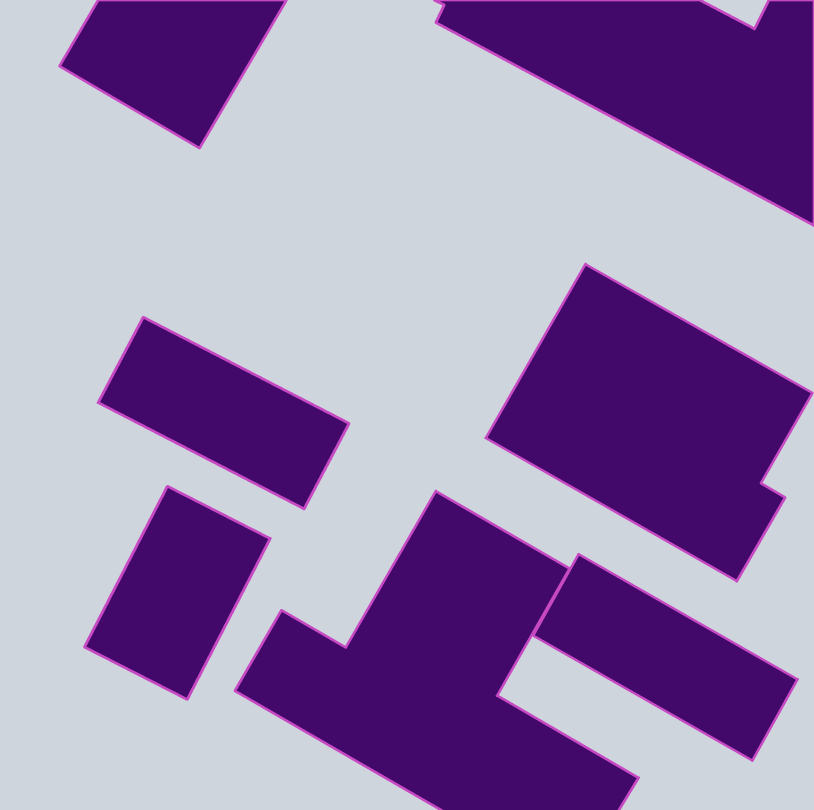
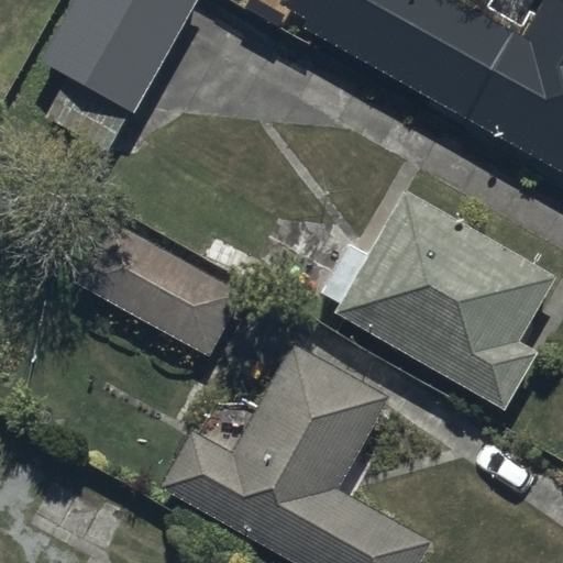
building: [85,486,270,699] -> none
building: [533,554,798,761] -> none

